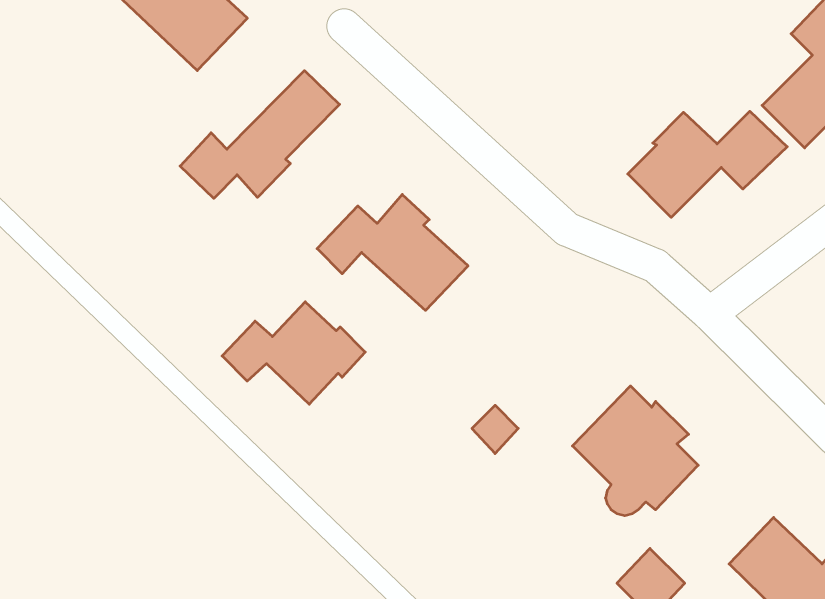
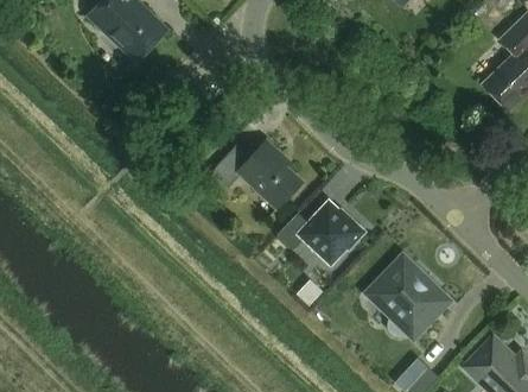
building: [180,71,340,198] -> none
building: [628,111,787,217] -> none
building: [222,302,365,404] -> [278,201,365,264]

